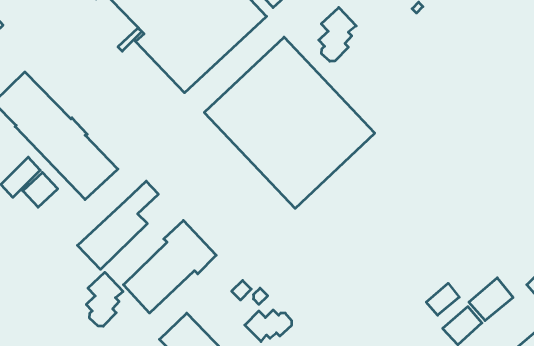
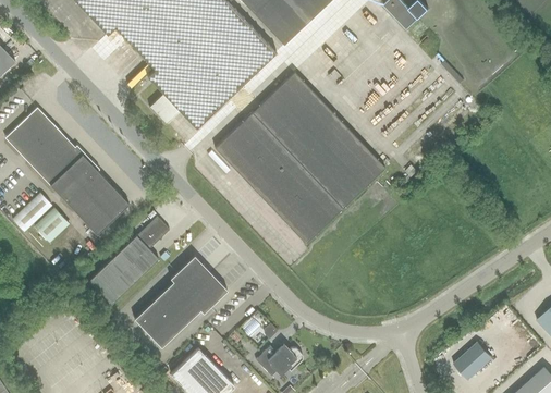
building: [319,7,356,61] -> none
building: [86,272,123,326] -> none
building: [469,278,513,321] -> none
building: [426,283,459,315] -> none

